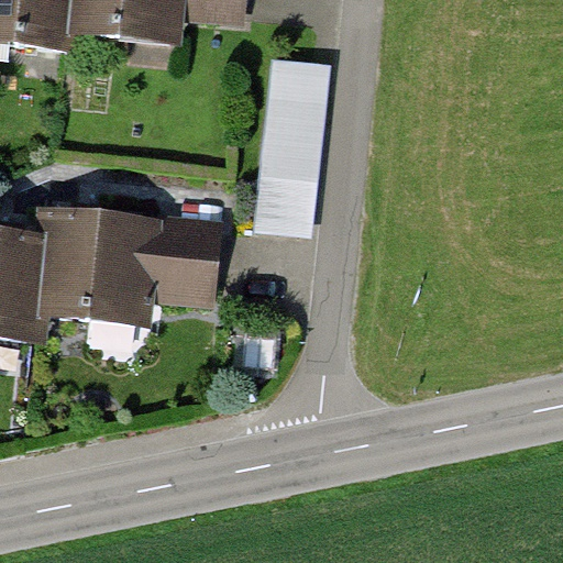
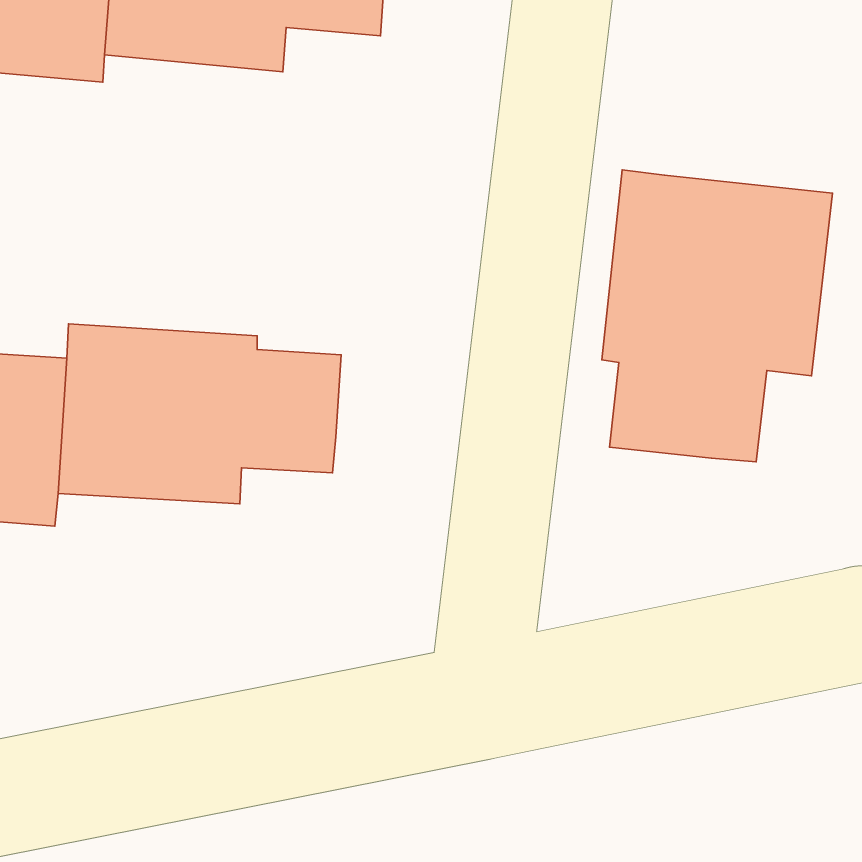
building: [251,54,332,239] -> none
building: none -> [602,170,833,462]

